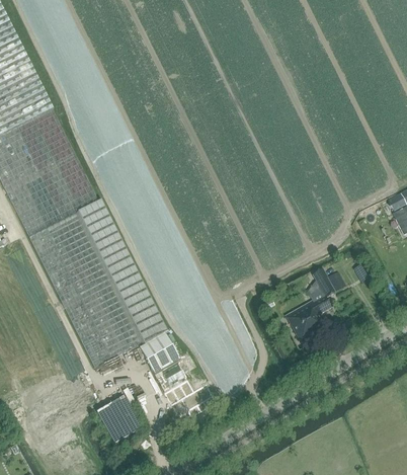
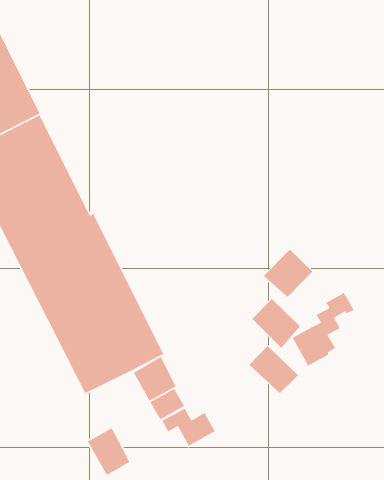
building: none -> [263,249,313,298]
building: none -> [251,298,301,349]
building: none -> [248,345,299,394]

